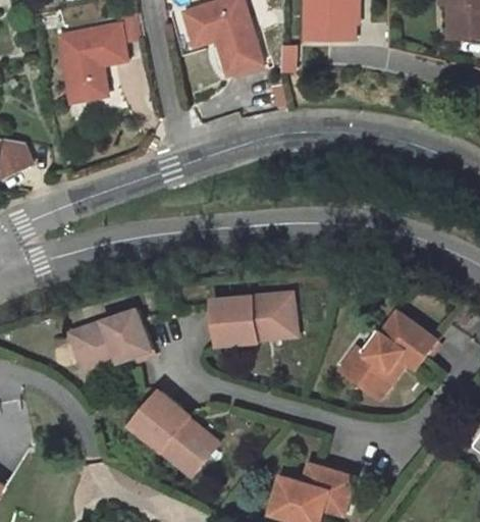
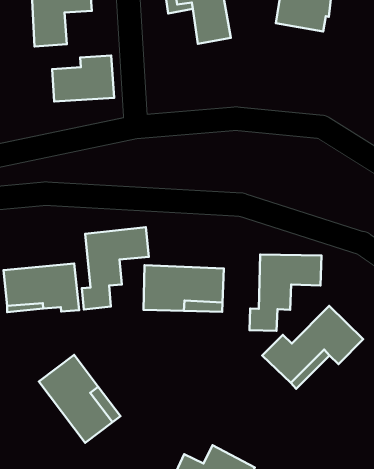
building: none -> [52,55,114,102]
building: none -> [82,227,149,309]
building: none -> [249,254,322,331]

